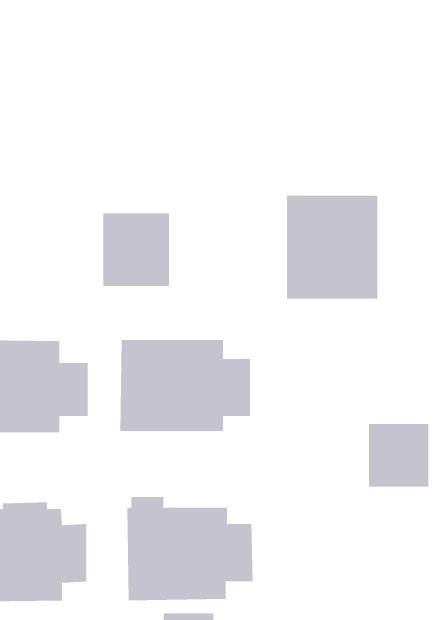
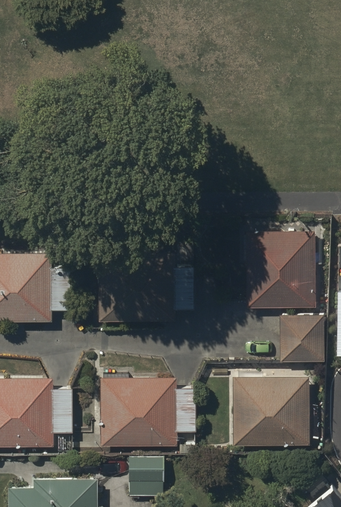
building: [286,195,378,299] -> [247,233,315,310]
building: [103,213,170,287] -> none
building: none -> [234,379,310,449]

